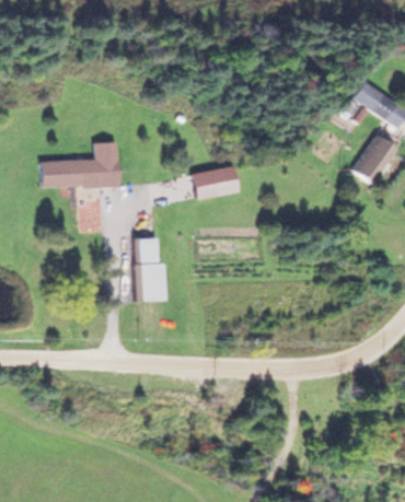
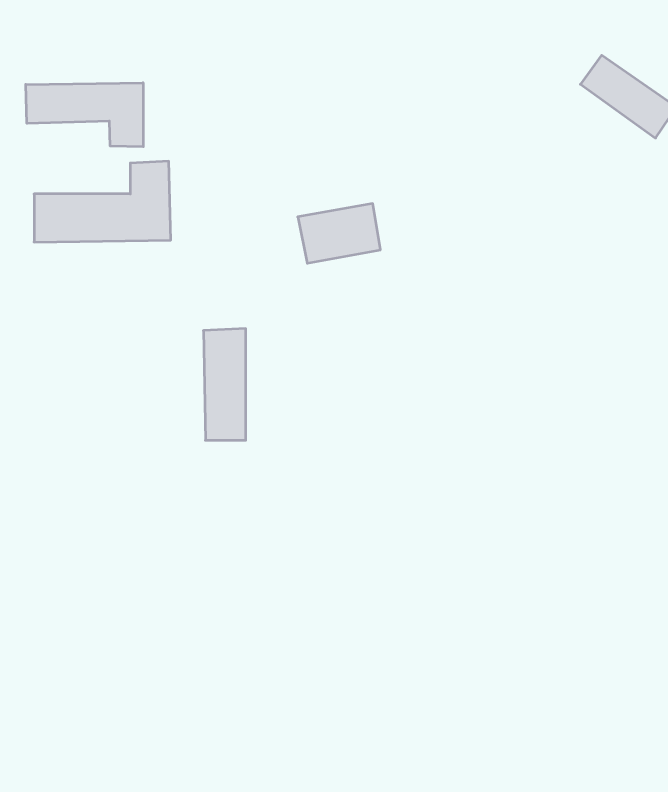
building: none -> [26,83,143,147]
building: [350,135,395,184] -> none

